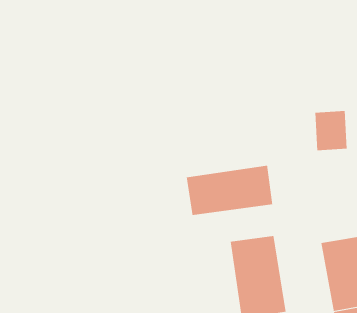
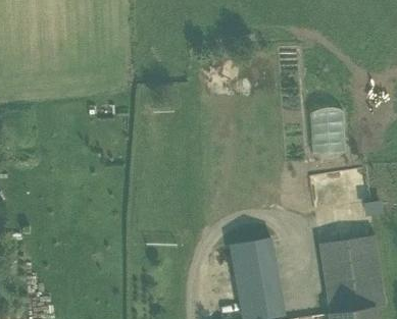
building: [186,165,273,216] -> none

